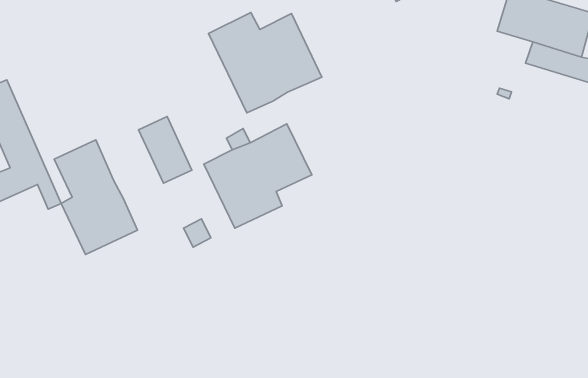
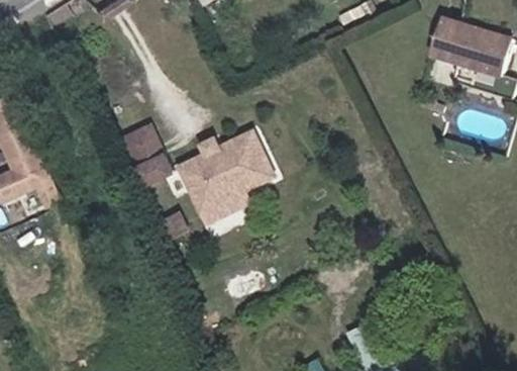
building: [208,13,322,113] -> none
building: [54,140,138,255] -> none

